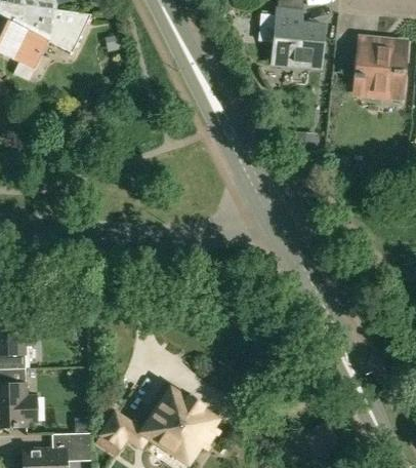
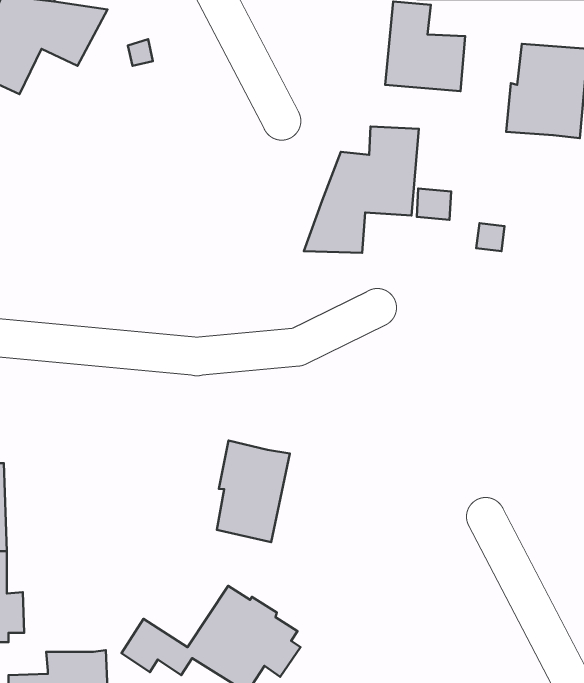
building: none -> [304,127,419,253]
building: none -> [217,441,290,542]

